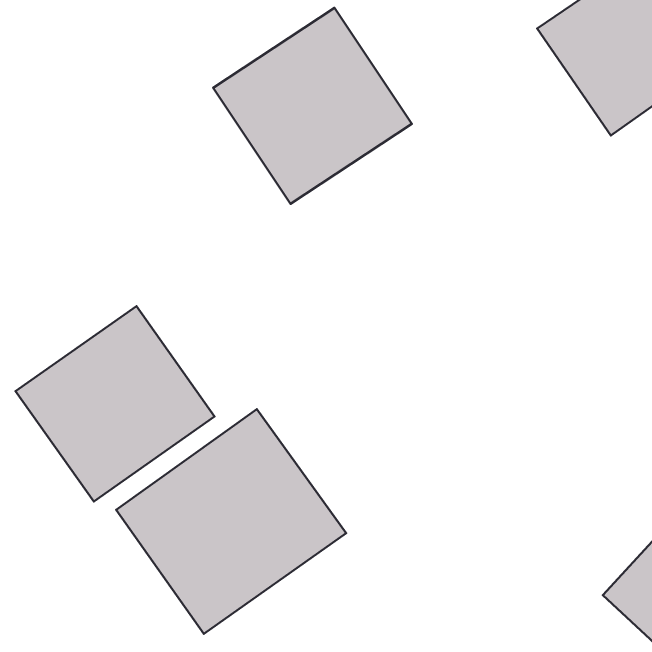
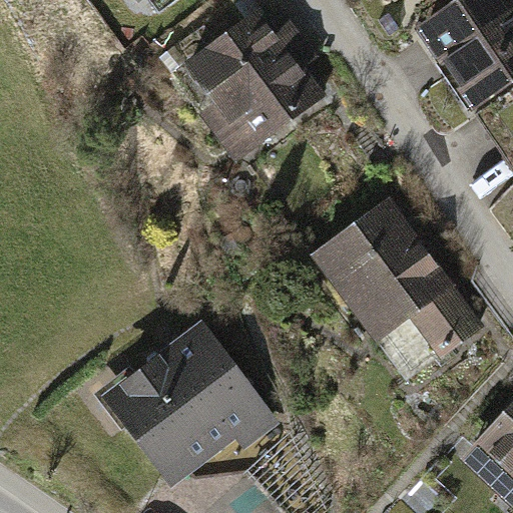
building: none -> [306,198,485,369]
building: [15,306,215,502] -> none

